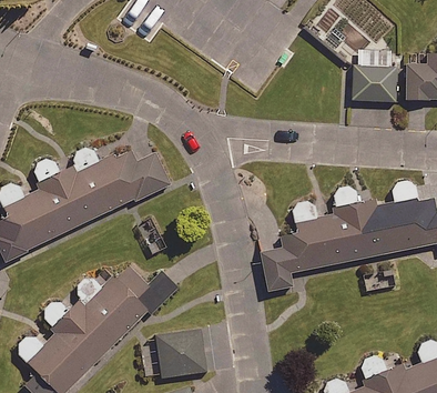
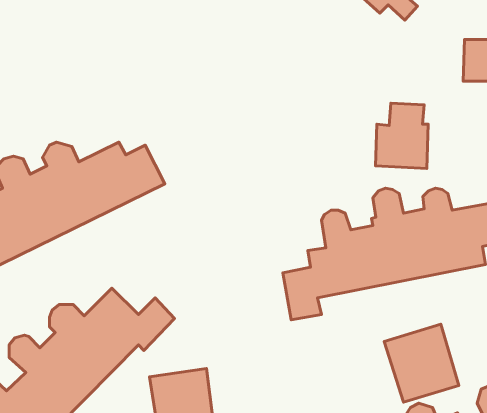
building: [354,49,396,101] -> [375,103,428,169]
building: none -> [384,324,459,402]

